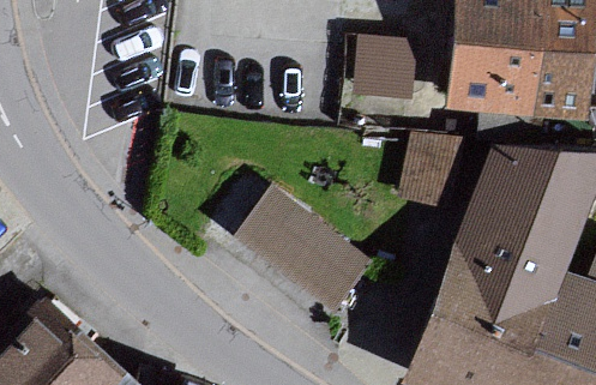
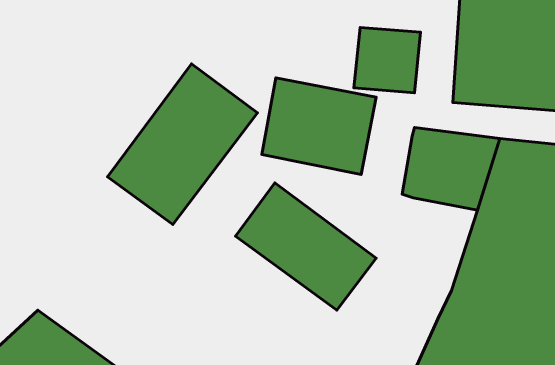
building: none -> [107,64,258,225]
building: none -> [262,78,376,175]

